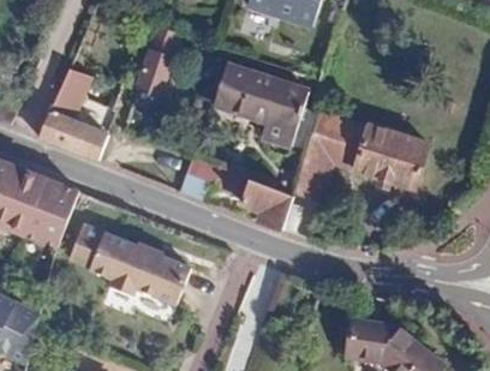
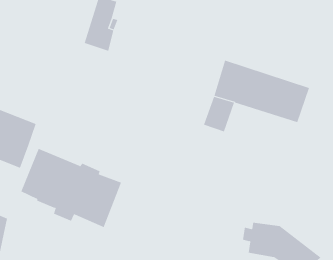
building: [213,61,309,145] -> none
building: [38,67,110,157] -> none
building: [179,155,292,231] -> none

